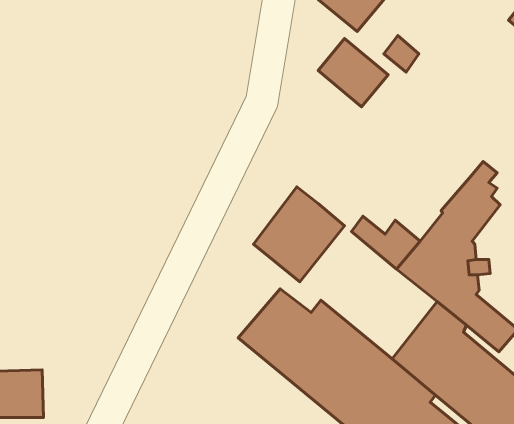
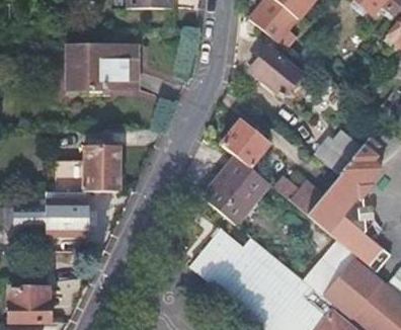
building: none -> [67,46,136,89]
building: none -> [221,120,269,167]
building: none -> [313,133,358,172]
building: none -> [55,148,116,191]
building: none -> [44,199,85,237]

